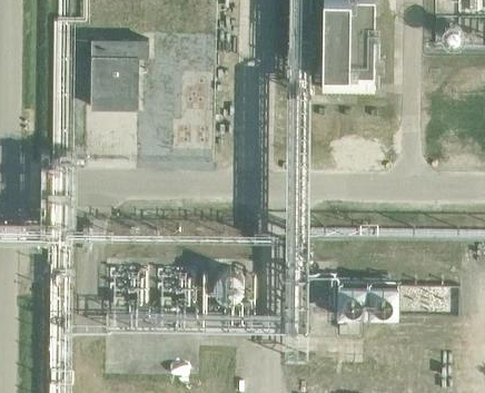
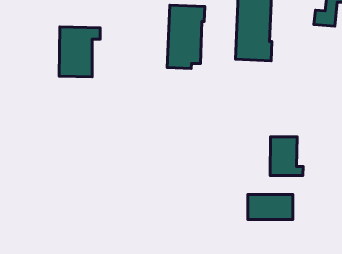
building: none -> [167,5,205,68]
building: none -> [270,137,303,176]

